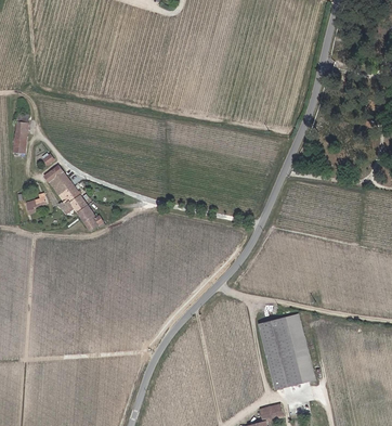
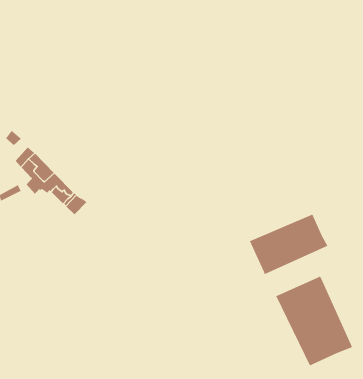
building: none -> [249,214,329,275]

